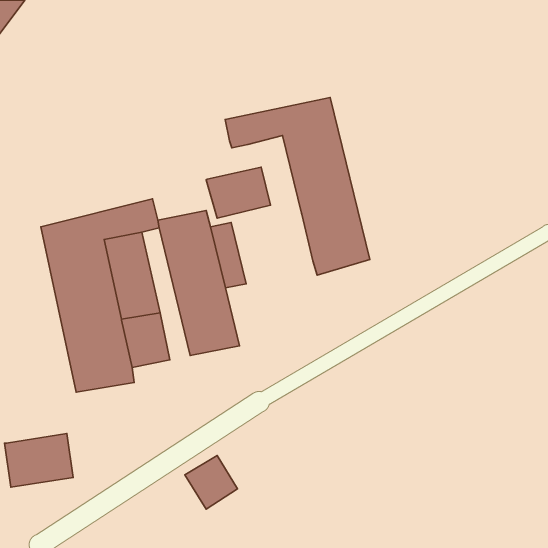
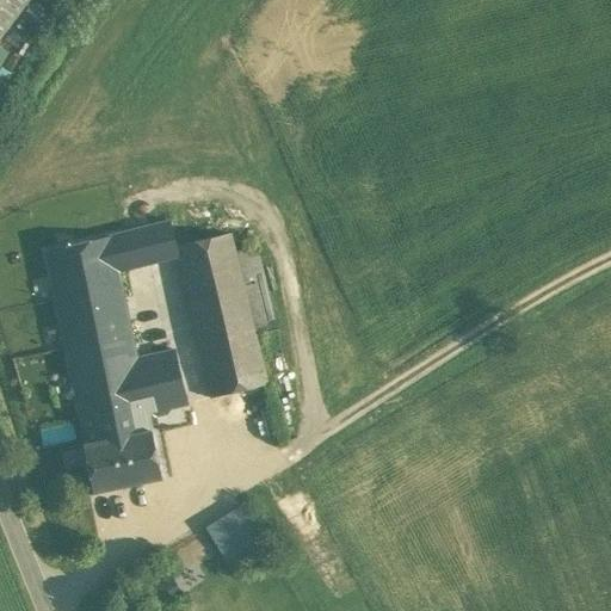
building: [225,98,370,275] -> none
building: [206,167,270,218] -> none
building: [4,434,73,487] -> [82,426,159,486]

